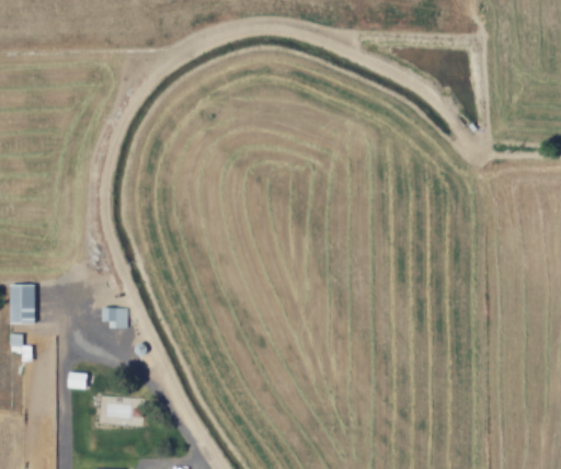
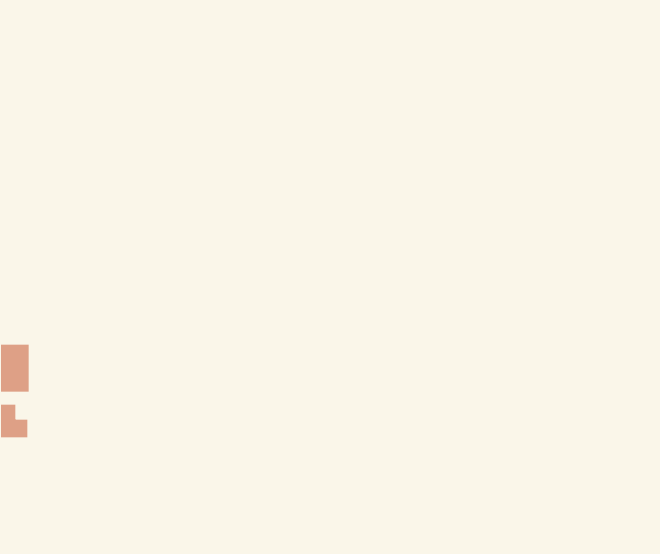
building: [105,308,127,328] -> none

